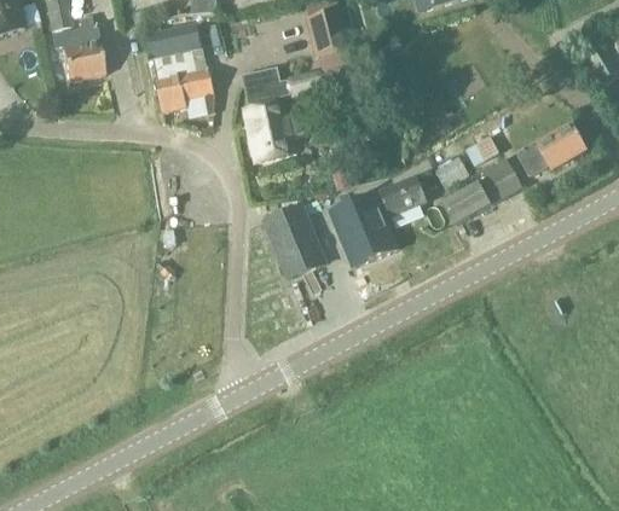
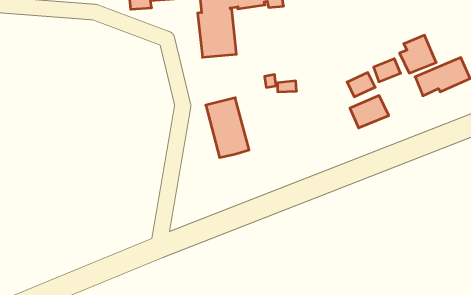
building: [476,156,522,204] -> [400,35,436,73]
building: [378,168,438,215] -> none
building: [331,199,399,273] -> none

